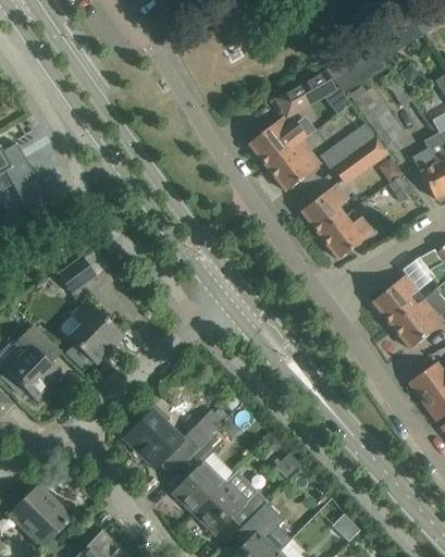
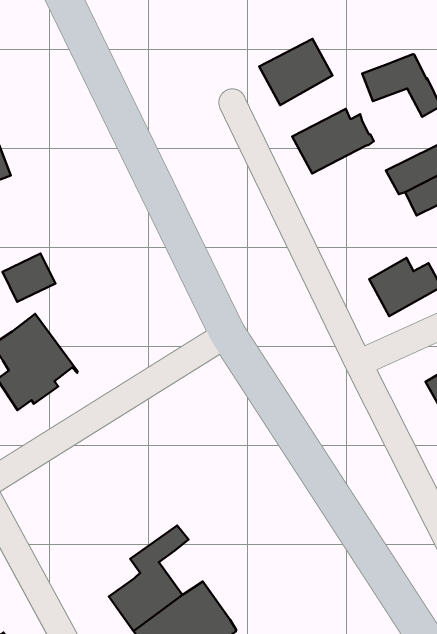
building: [267,140,320,191] -> [259,39,332,105]
building: [300,184,347,235] -> none
building: [122,404,224,474] -> none

